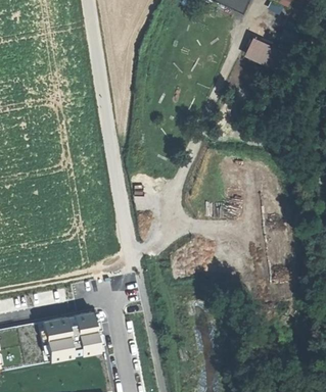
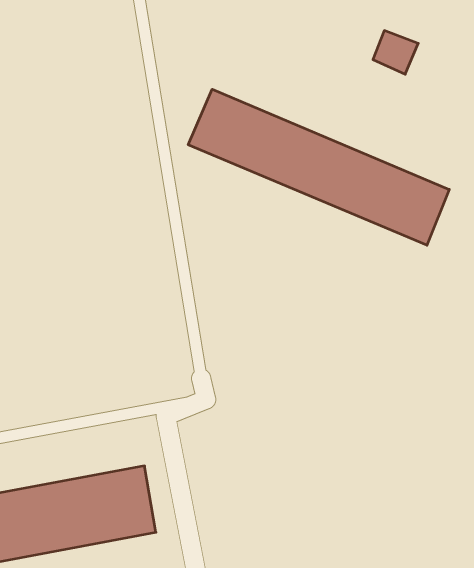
building: none -> [188,89,449,245]

